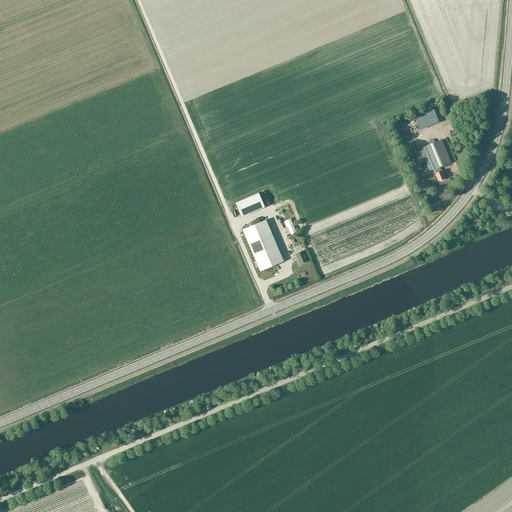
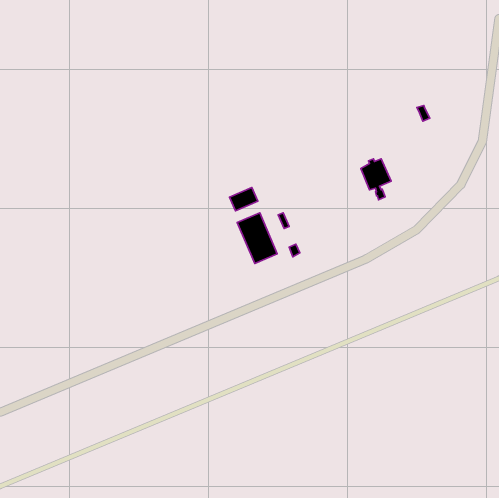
building: [421,138,452,180] -> [361,159,391,200]

